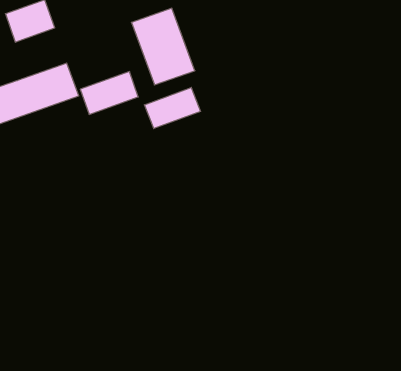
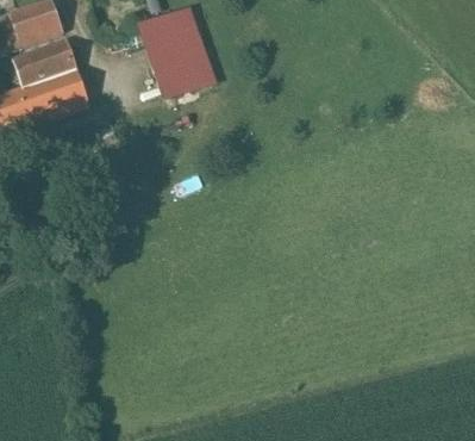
building: [80,72,138,114] -> [12,42,75,88]
building: [144,87,201,129] -> none

